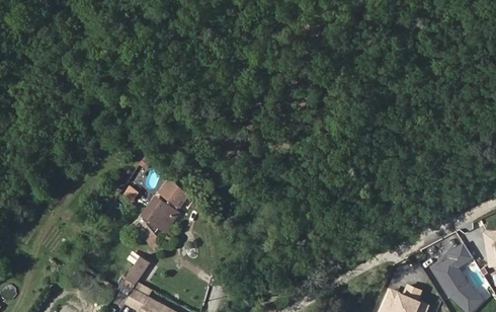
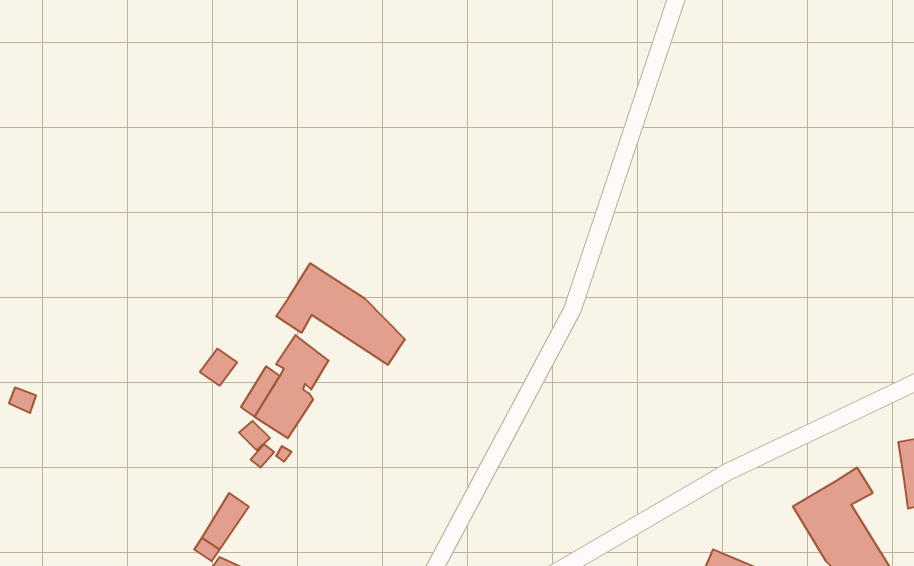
building: none -> [276,263,405,365]

